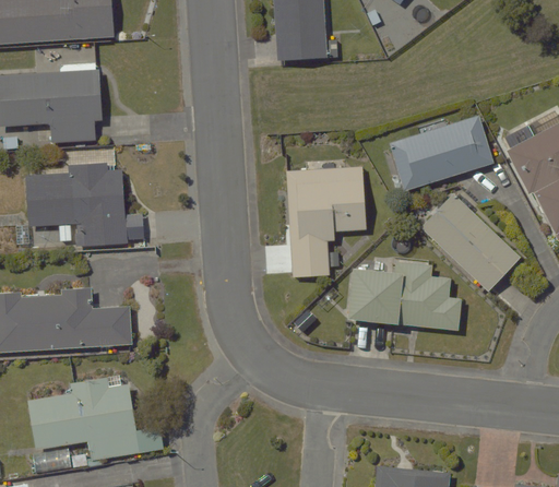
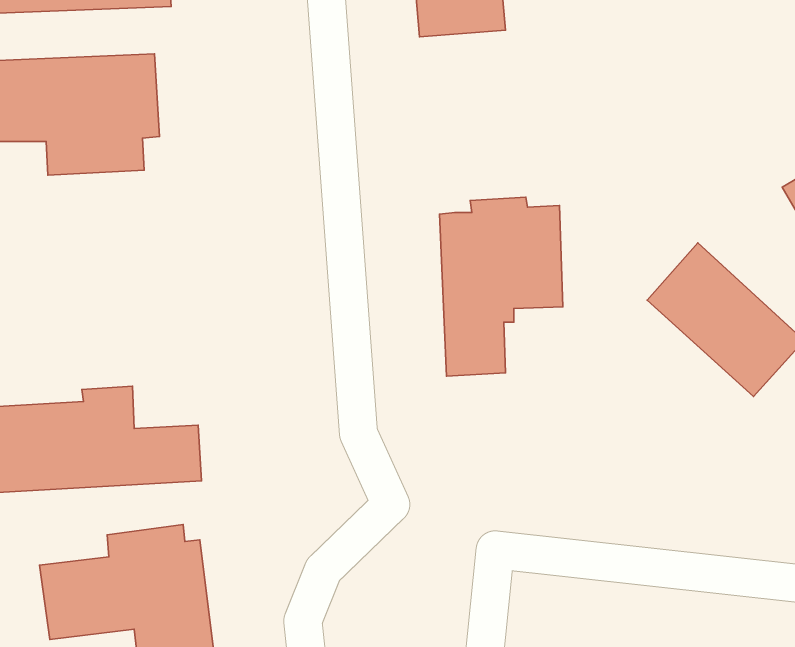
building: [386,111,493,191] -> none
building: [23,168,144,243] -> none
building: [345,257,465,330] -> none

